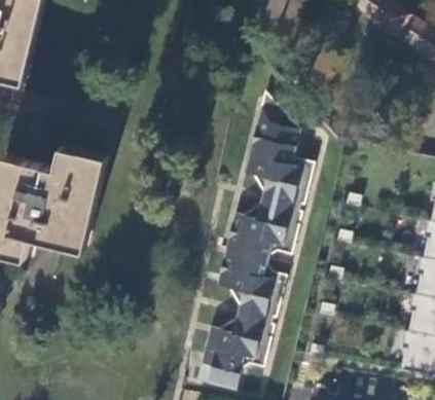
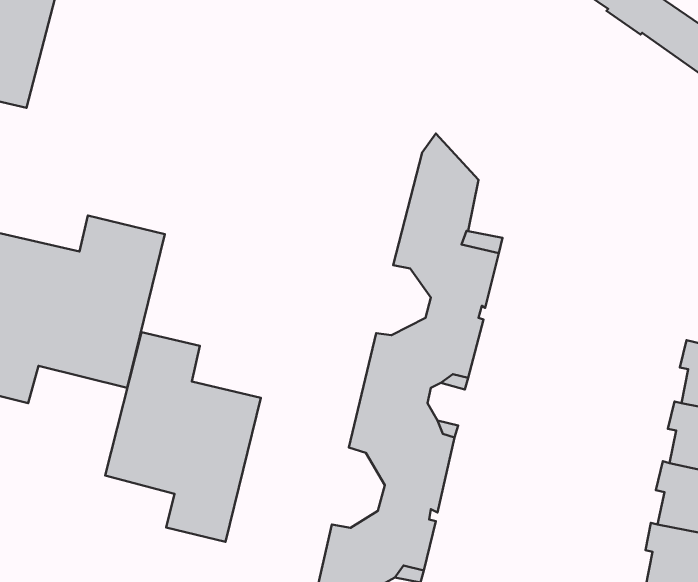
building: none -> [105,332,261,542]

